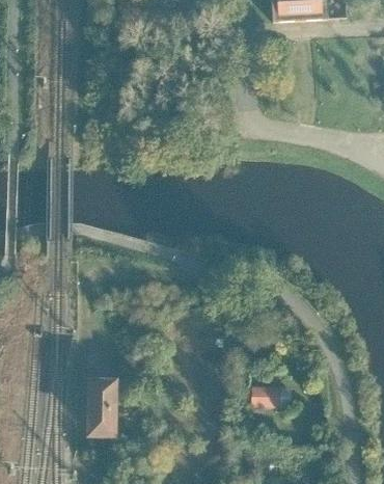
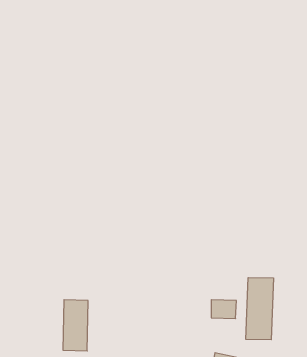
building: none -> [246,278,273,340]

